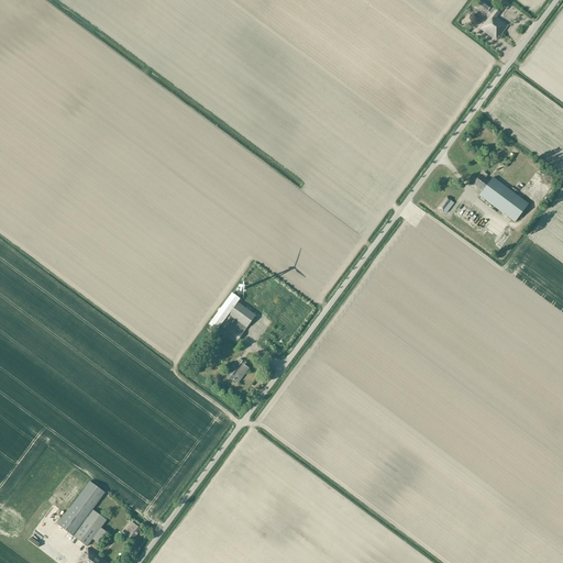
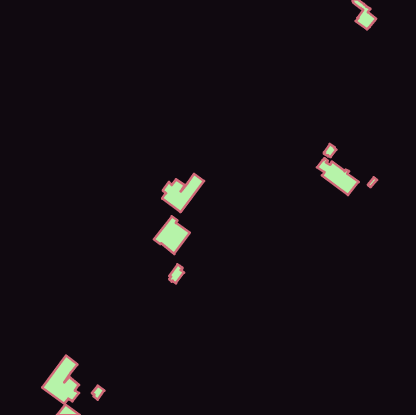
building: [473,172,529,221] -> [317,158,359,195]
building: none -> [162,174,204,212]

